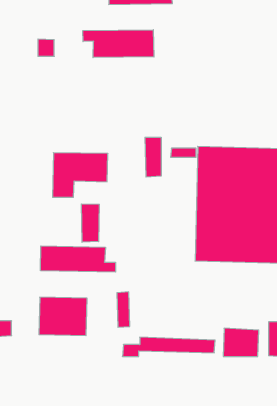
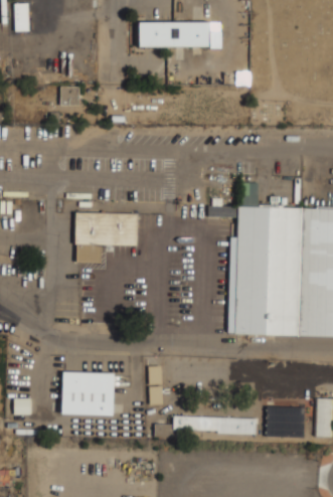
building: [83,30,154,58] -> none
building: [145,137,161,177] -> none
building: [82,204,99,242] -> none
building: [41,246,115,272] -> none

